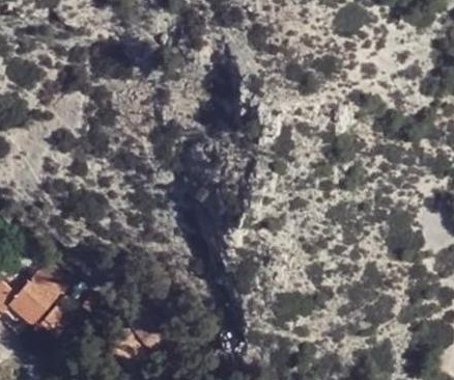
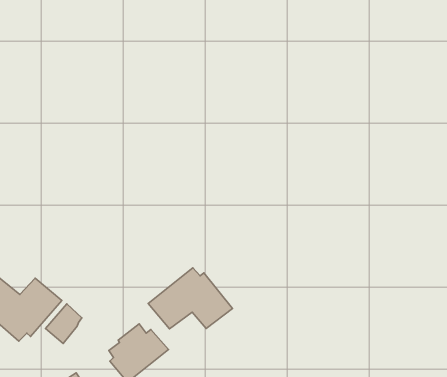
building: none -> [148,268,232,329]

